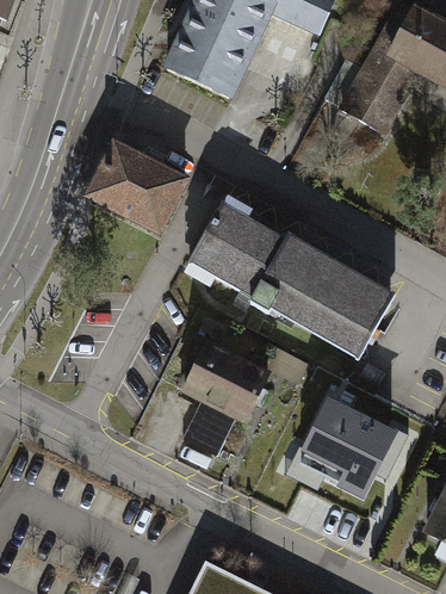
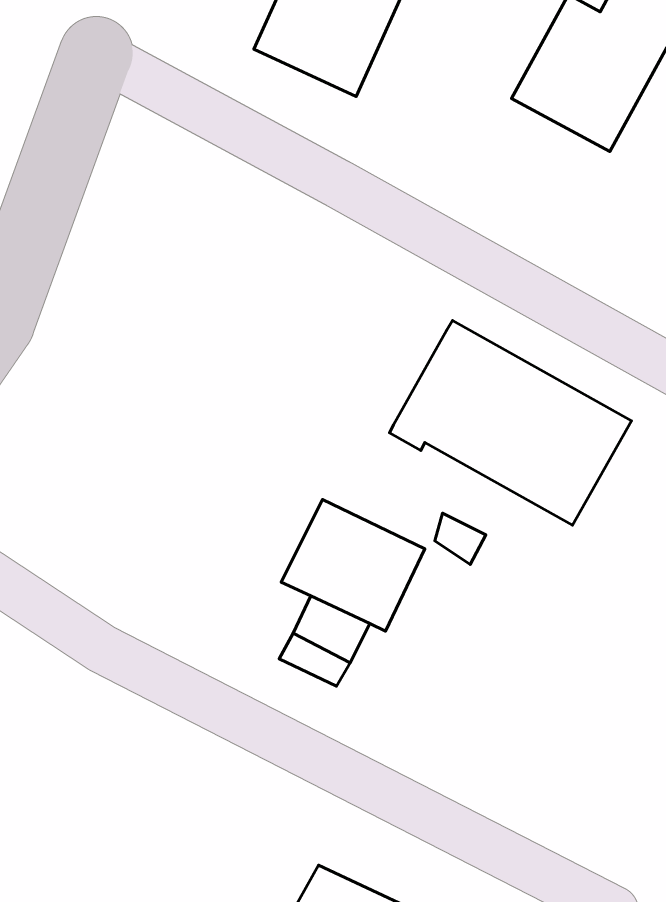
building: [88,140,193,236] -> none
building: [188,203,284,296] -> none
building: [302,406,409,493] -> none

